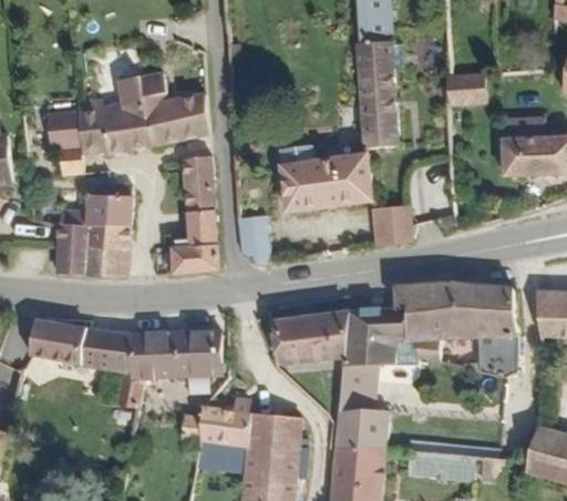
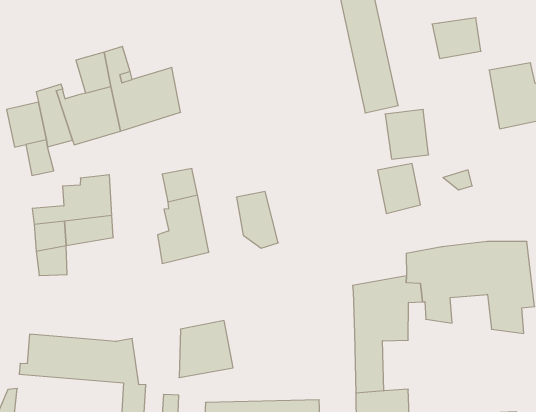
building: [176,149,208,185] -> none
building: [293,153,382,207] -> none
building: [79,239,126,274] -> none
building: [278,317,347,362] -> none
building: [133,334,179,382] -> none

